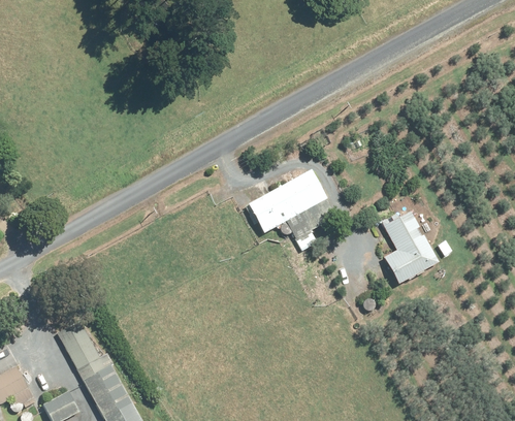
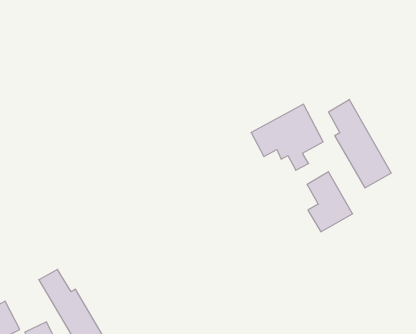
building: none -> [329,99,391,188]
building: [248,169,334,249] -> [251,104,323,170]

